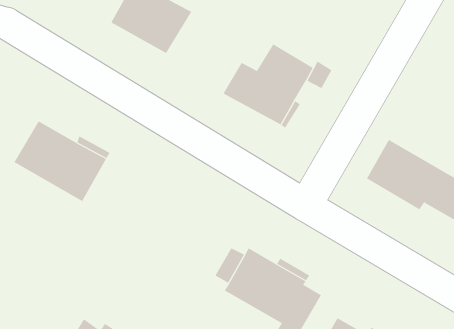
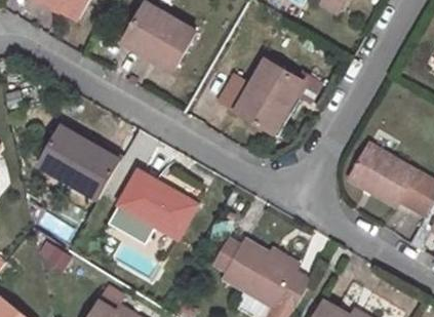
building: none -> [109,172,196,243]

